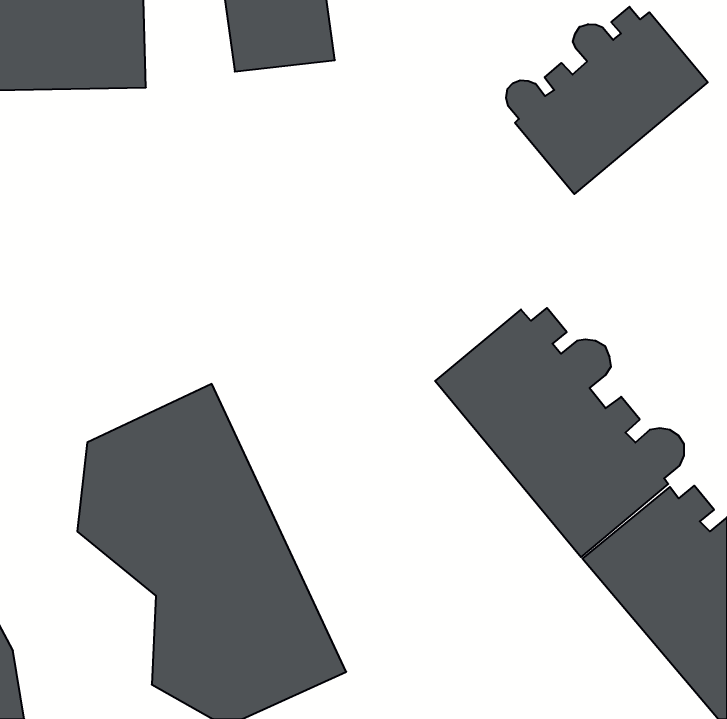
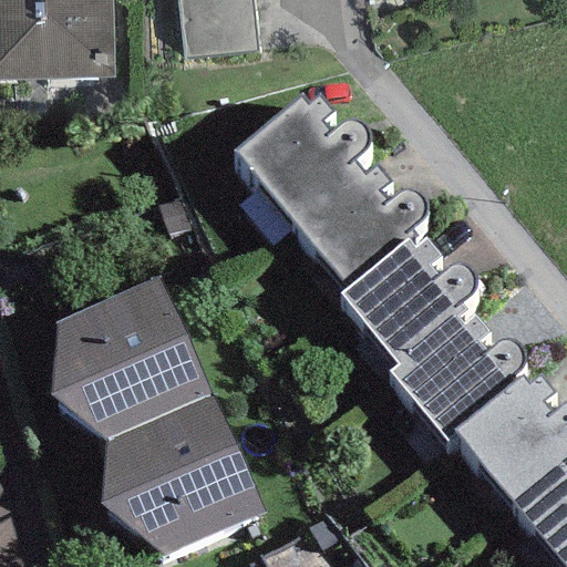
building: [506,7,708,194] -> none
building: none -> [229,95,423,288]

